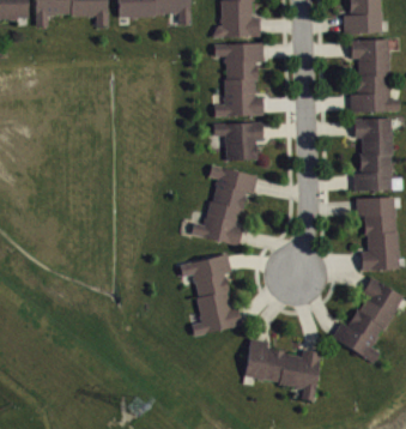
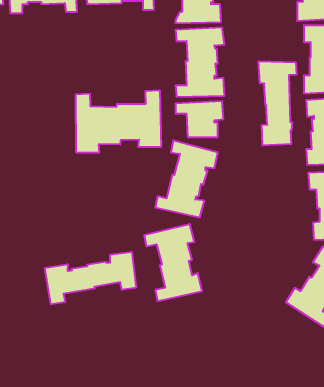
building: none -> [259,61,296,146]
building: none -> [76,90,161,153]
building: none -> [45,252,136,304]
building: [244,338,322,400] -> none

